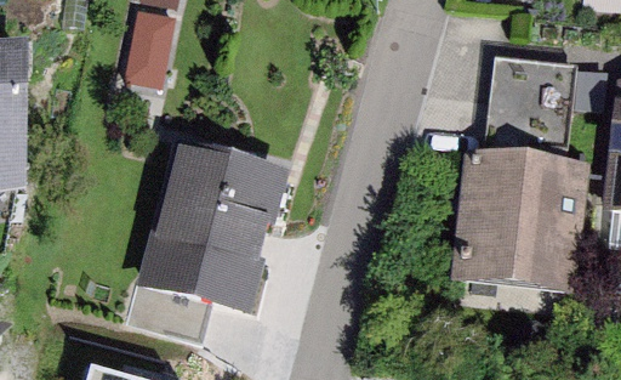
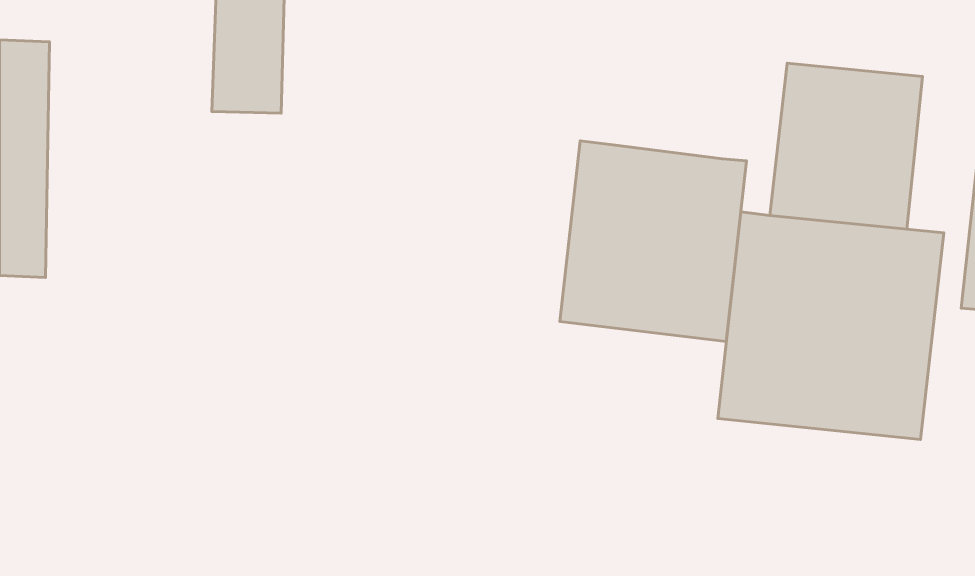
building: none -> [560,141,747,342]
building: [138,144,283,313] -> none

